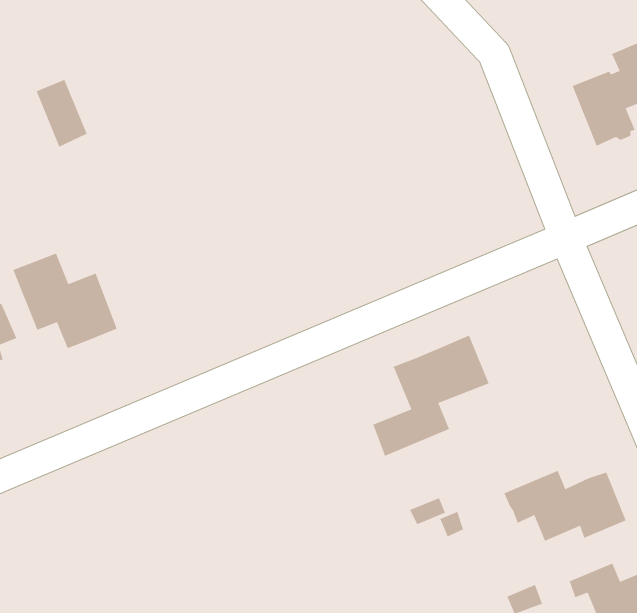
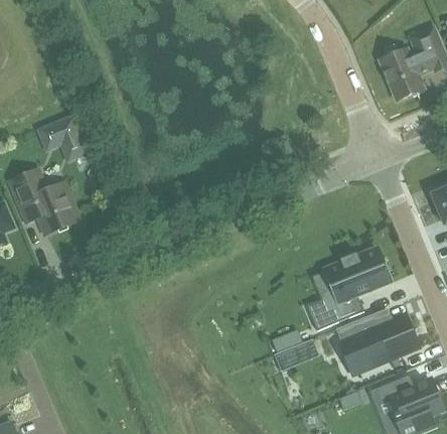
building: [36,79,88,147] -> [51,114,86,159]
building: [372,335,489,456] -> [311,249,389,329]

